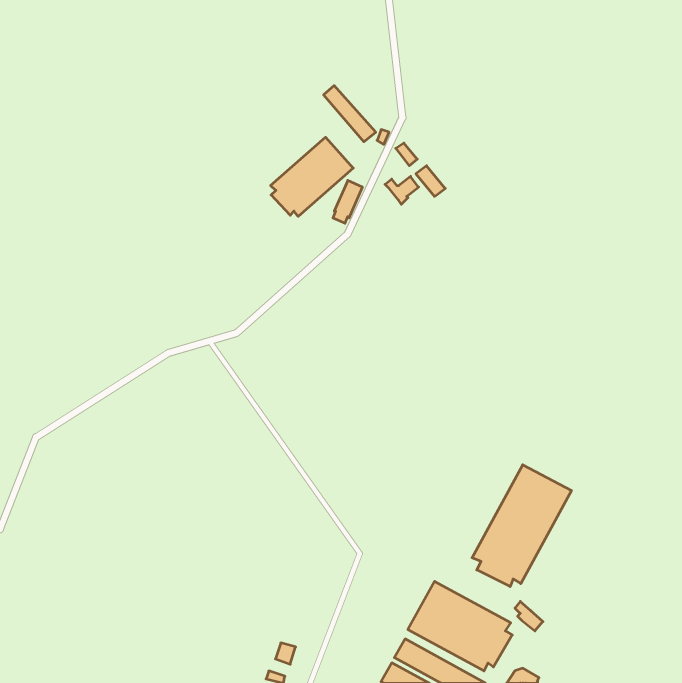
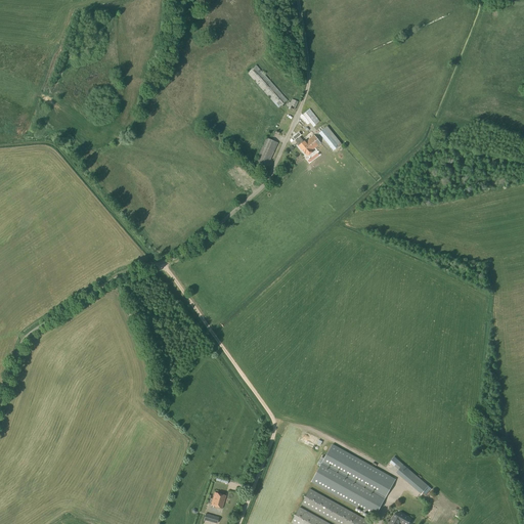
building: [271,137,353,216] -> none
building: [472,465,571,587] -> none

